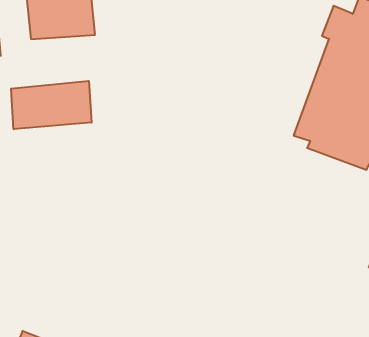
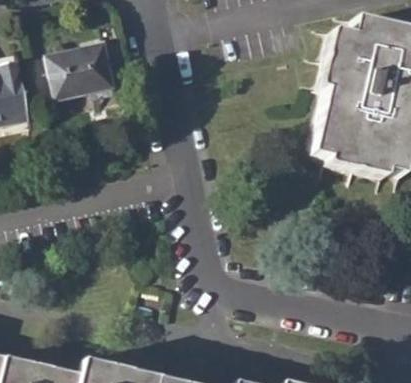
building: [11,81,92,129] -> none

